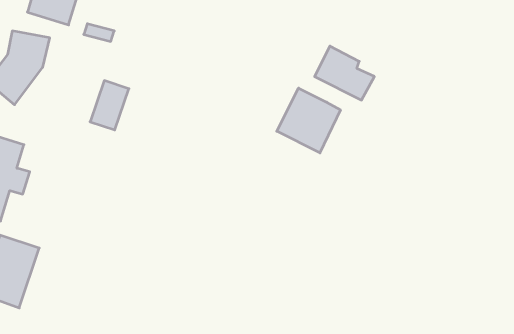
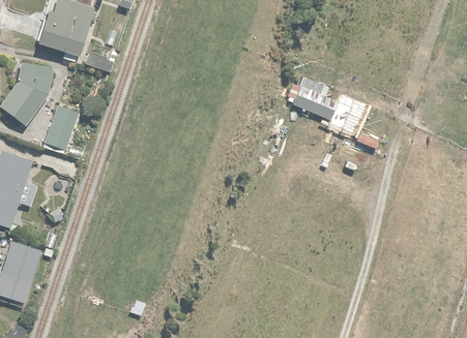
building: [90,81,129,130] -> [45,106,79,150]
building: [277,88,340,153] -> none

